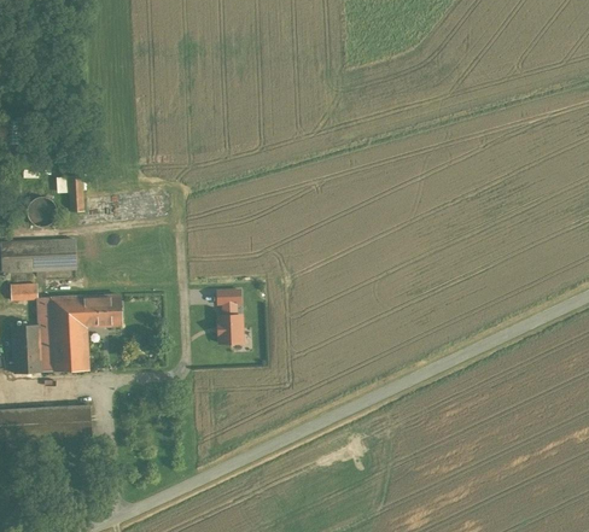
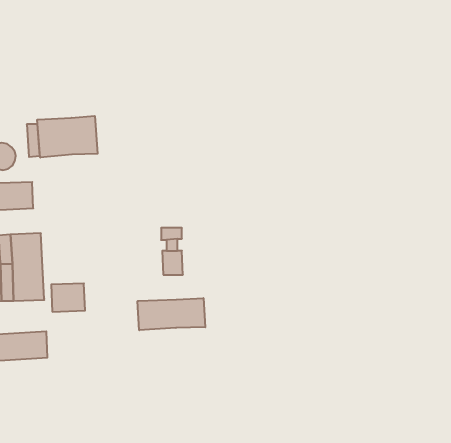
building: none -> [37,116,98,158]
building: [84,294,122,326] -> [51,283,85,312]
building: none -> [138,298,205,330]

